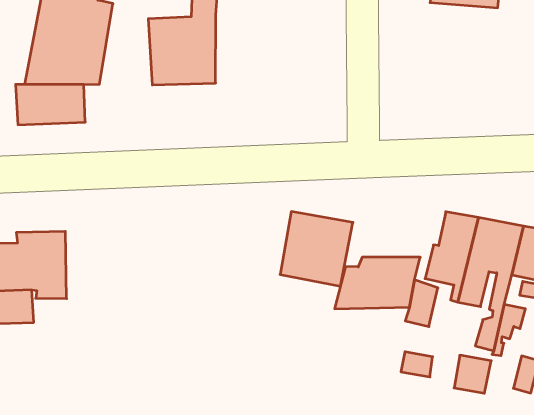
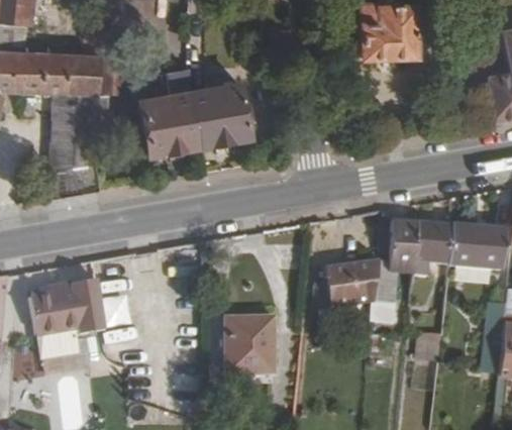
building: none -> [193,83,251,144]
building: [280,212,353,286] -> [227,319,279,372]

